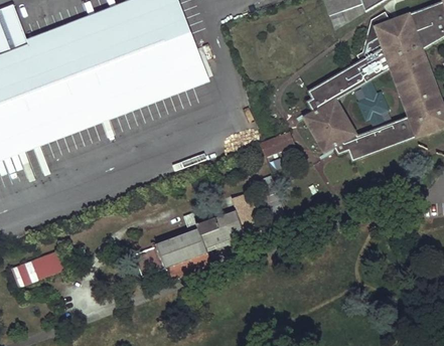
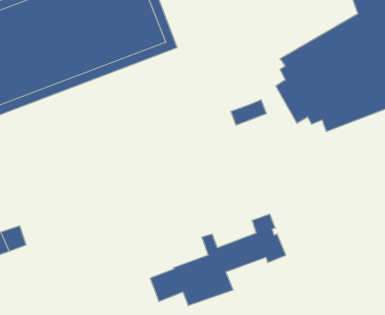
building: [133,192,263,280] -> [150,214,286,306]

